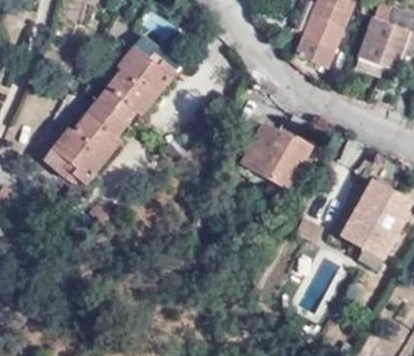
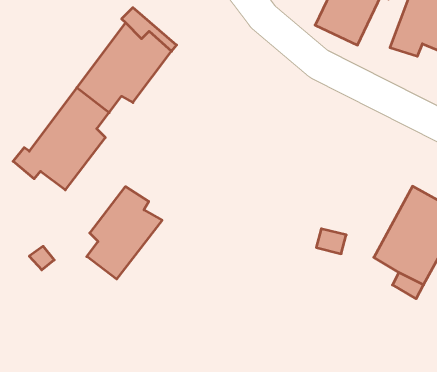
building: [237,122,308,188] -> none
building: none -> [87,187,162,279]

